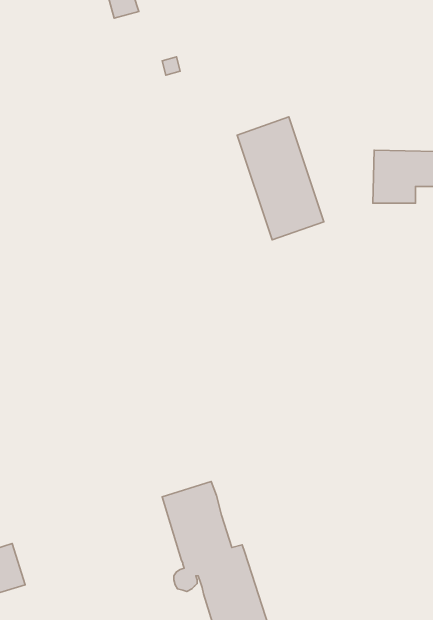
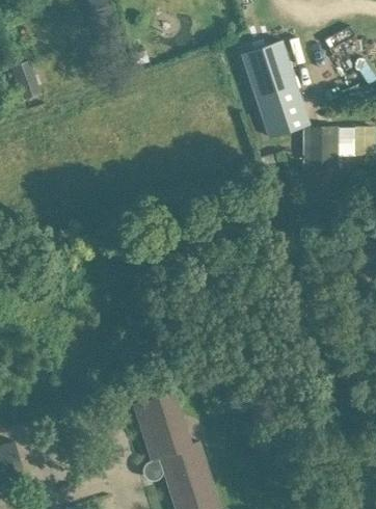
building: none -> [16,63,42,99]
building: [237,117,324,240] -> [241,39,311,138]

